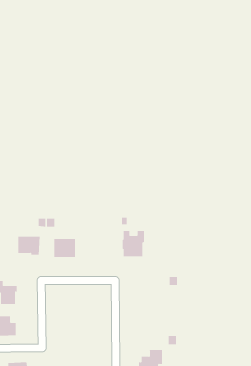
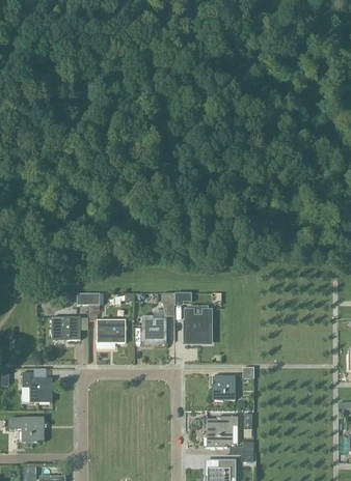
building: none -> [142,292,174,342]
building: none -> [215,375,236,400]
building: none -> [207,417,236,448]

